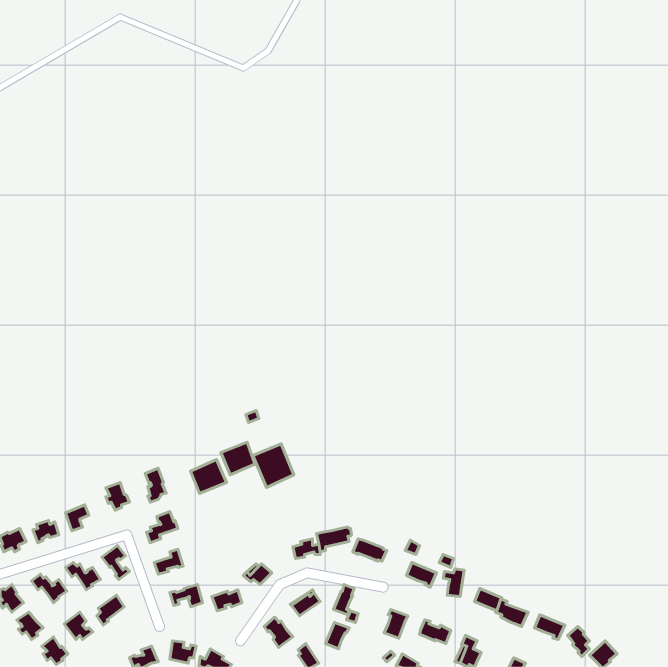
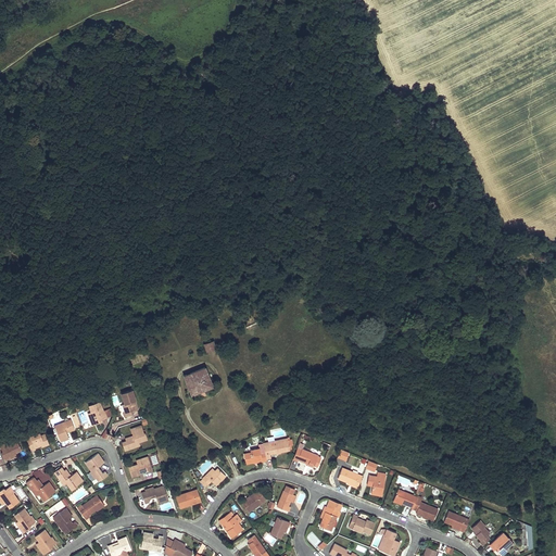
building: [253,444,294,488] -> none
building: [191,459,226,494] -> none

